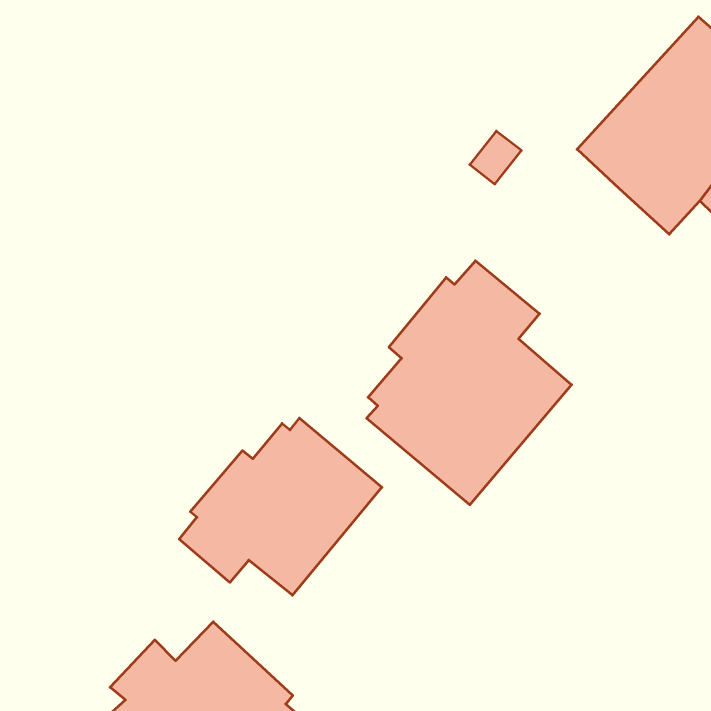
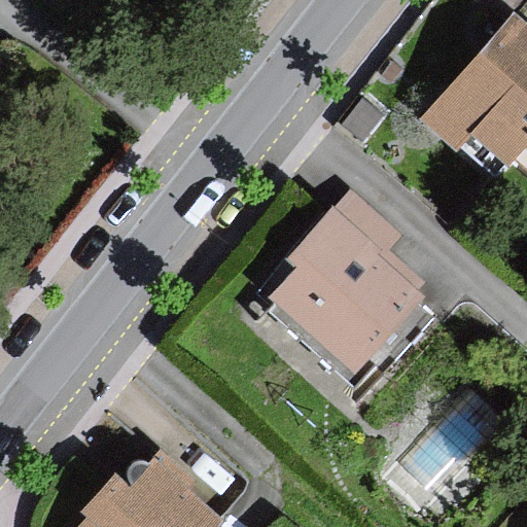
building: [179,418,382,595] -> none

